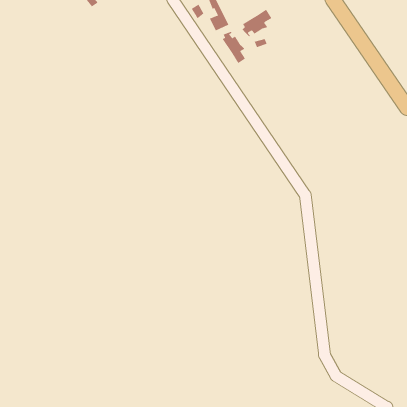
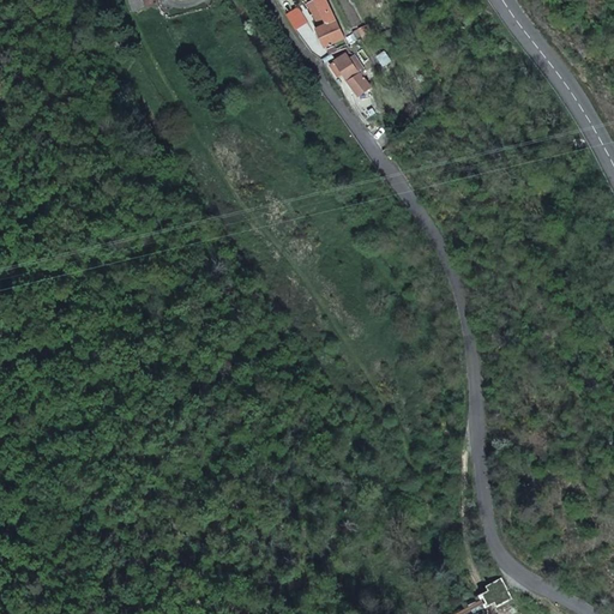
building: [242,9,272,37] -> none

